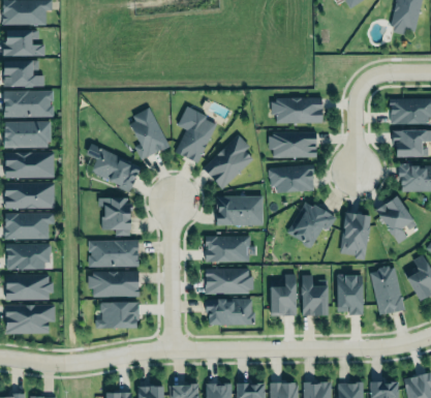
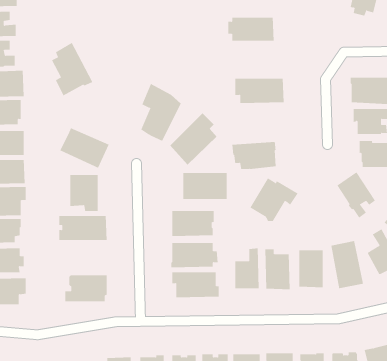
building: [128,105,172,161] -> [51,42,93,96]
building: [269,132,317,157] -> [227,17,274,41]
building: [340,212,371,261] -> none
building: [88,272,140,298] -> none

